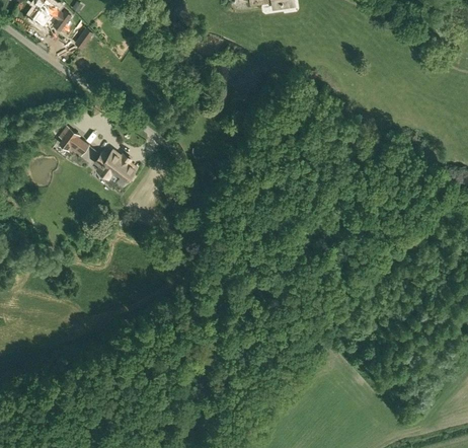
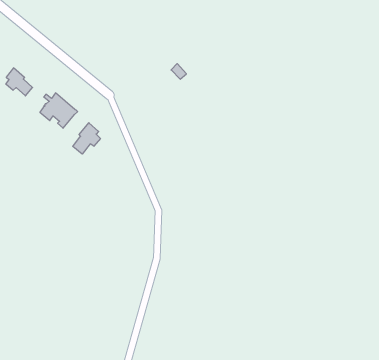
building: none -> [73,123,100,154]

